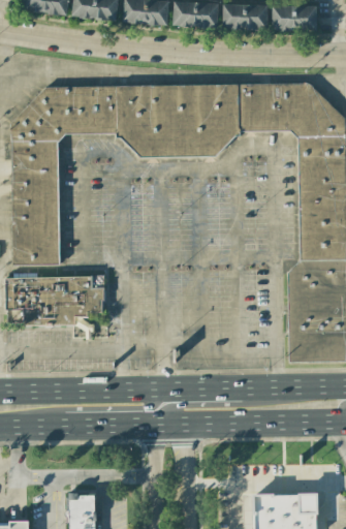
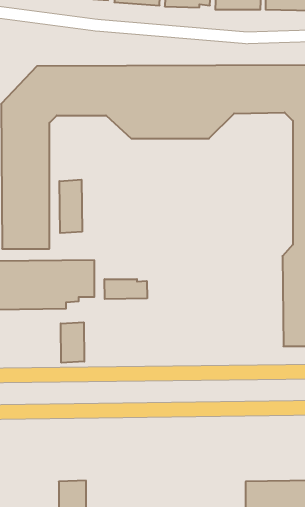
building: none -> [59,180,82,233]
building: none -> [105,279,147,299]
building: none -> [61,322,84,363]

